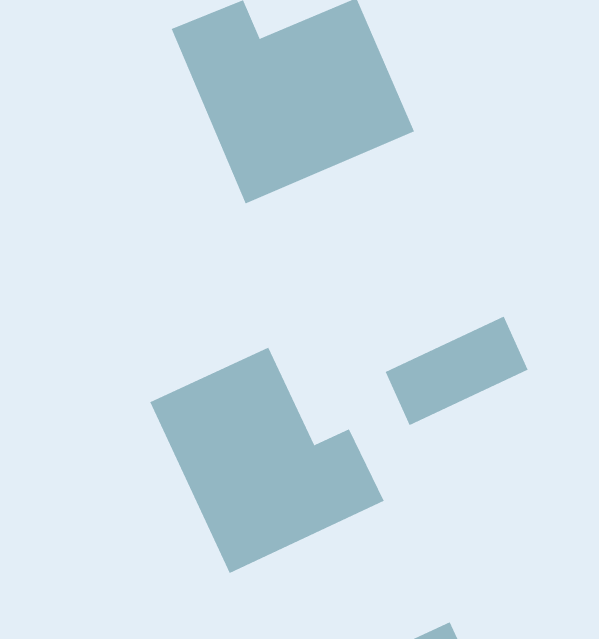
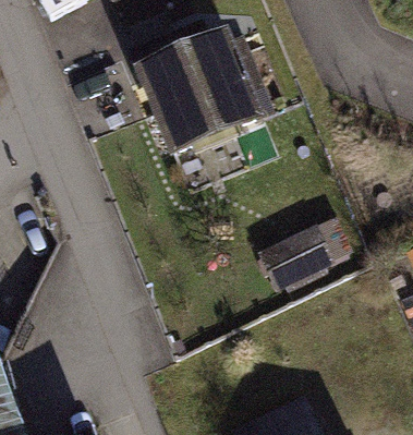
building: [150,347,384,574] -> none

